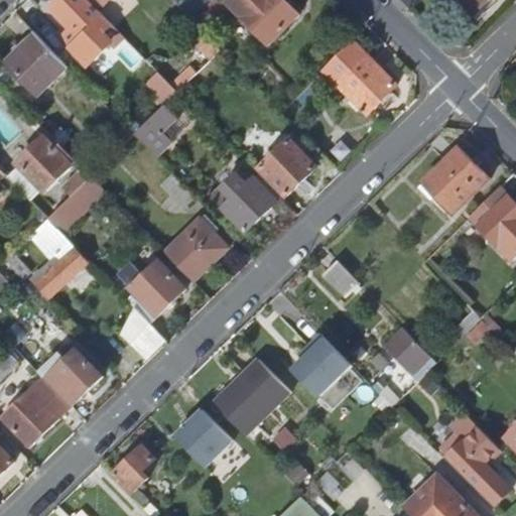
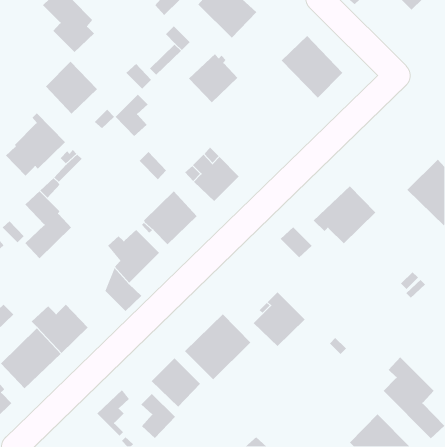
building: [4,33,64,95] -> [45,61,98,114]
building: [257,138,314,196] -> [188,53,238,103]
building: [416,147,489,215] -> [313,185,376,244]
building: [386,328,430,372] -> none
building: none -> [141,393,176,439]

